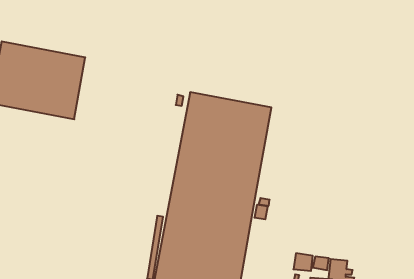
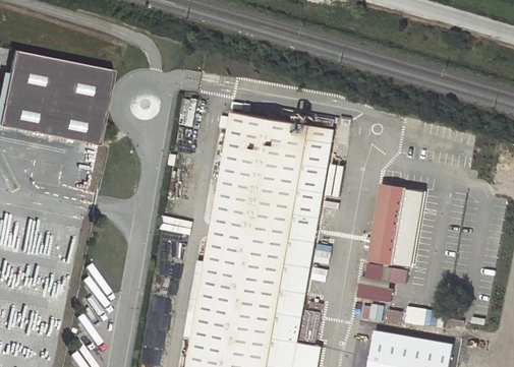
building: none -> [366,188,422,271]
building: none -> [357,274,394,301]

